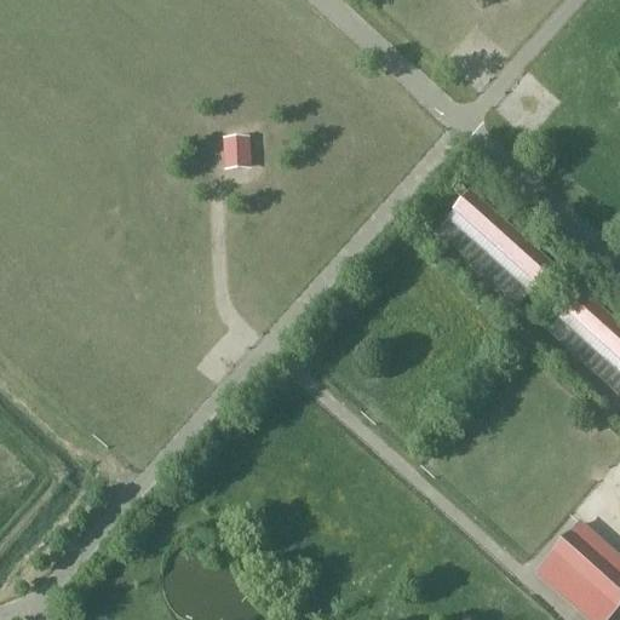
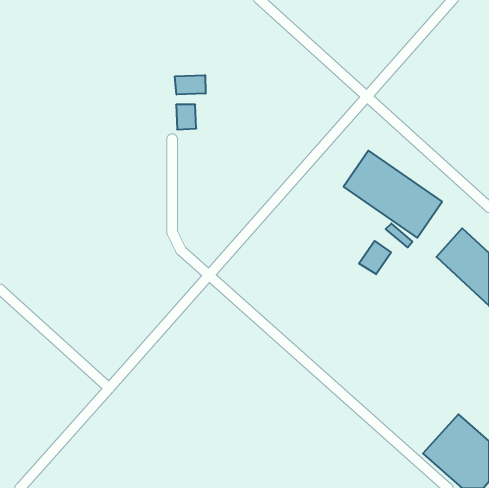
building: none -> [175,75,206,95]
building: none -> [359,241,391,274]

